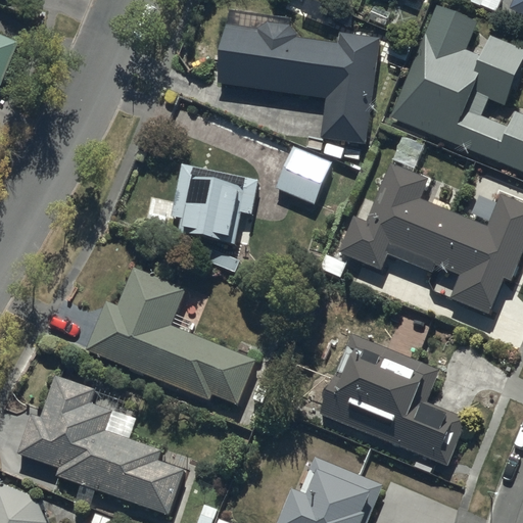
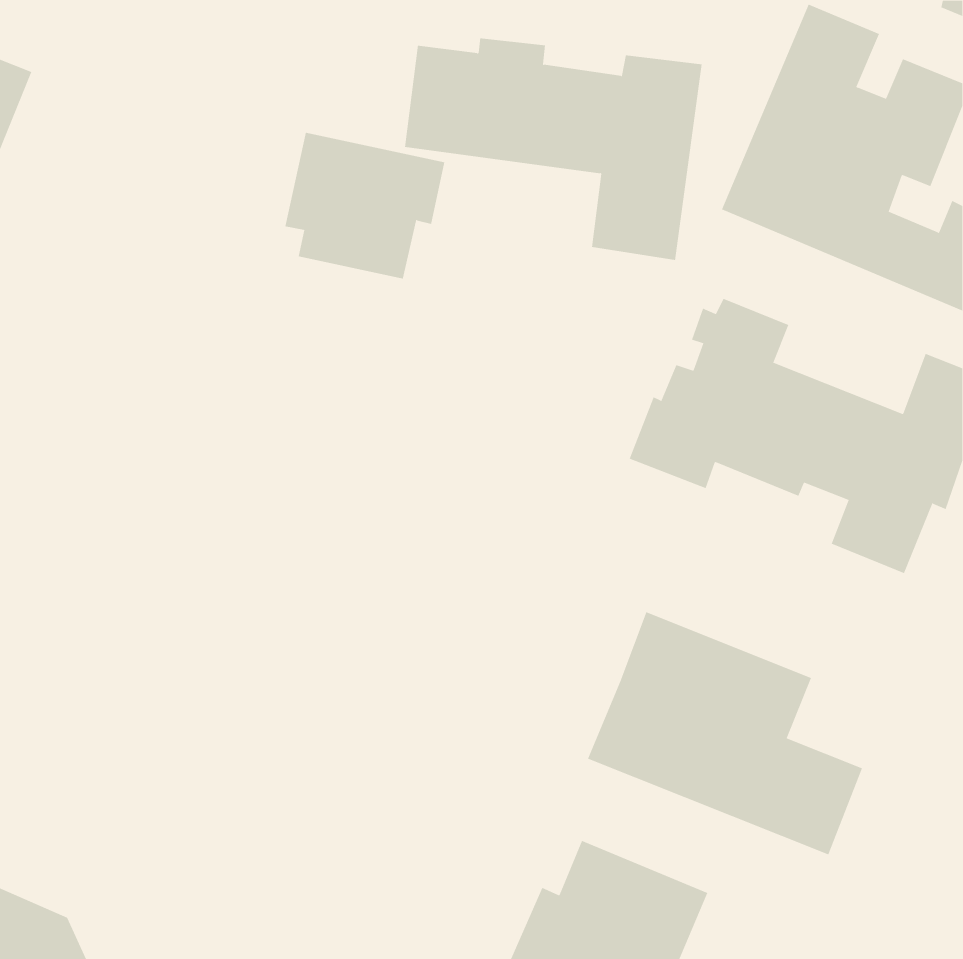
building: [275,147,331,204] -> none
building: [171,164,257,244] -> [285,132,445,279]
building: [87,267,256,403] -> none
building: [18,376,183,514] -> none

